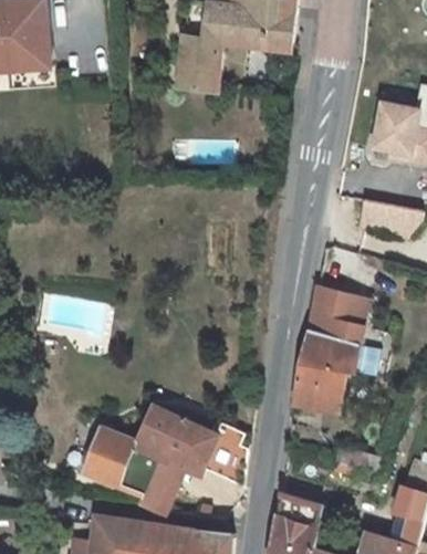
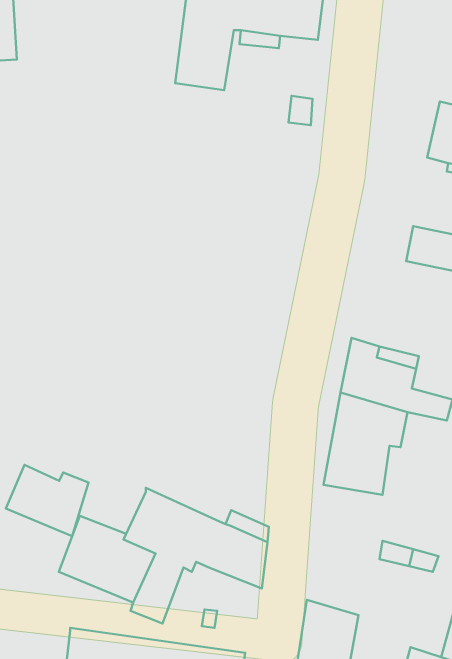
building: none -> [6,465,88,536]

